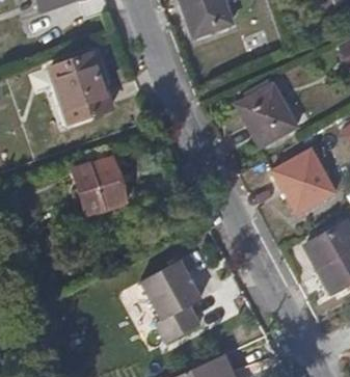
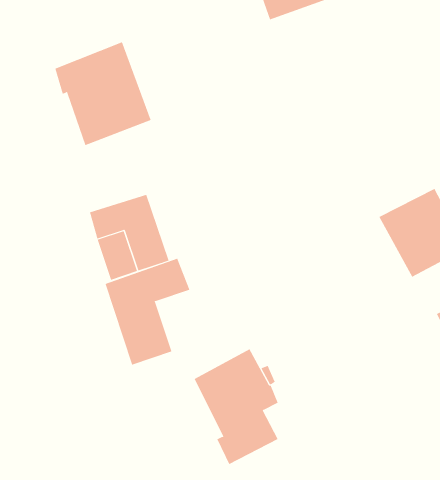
building: [236,87,296,150] -> none
building: none -> [105,258,190,365]

